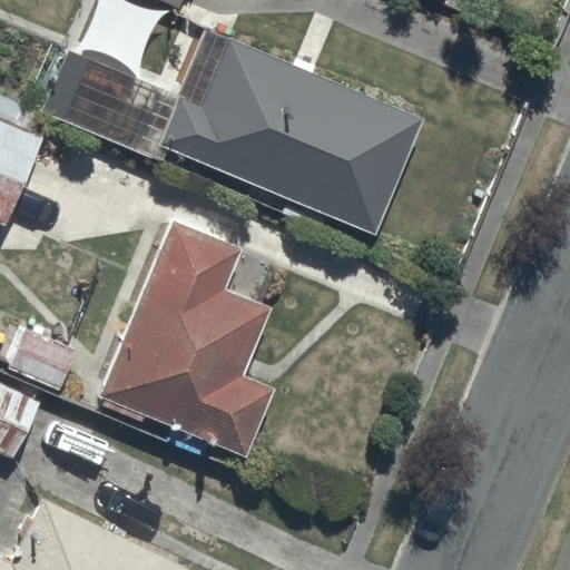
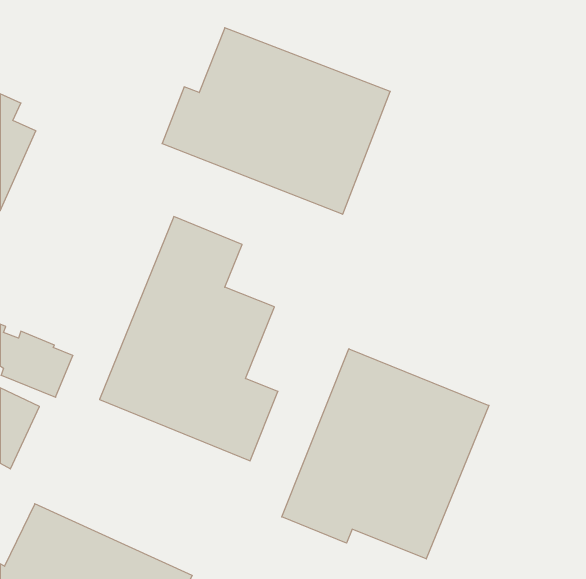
building: [45,51,168,154] -> none
building: none -> [282,349,489,559]

